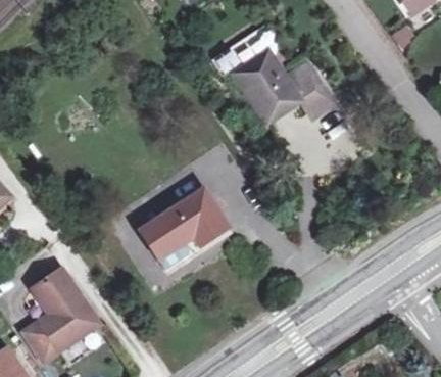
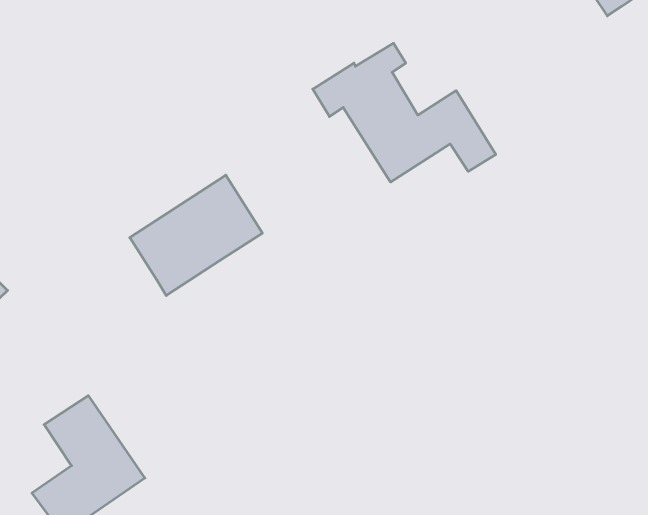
building: [139,189,228,270] -> [130,175,262,296]

